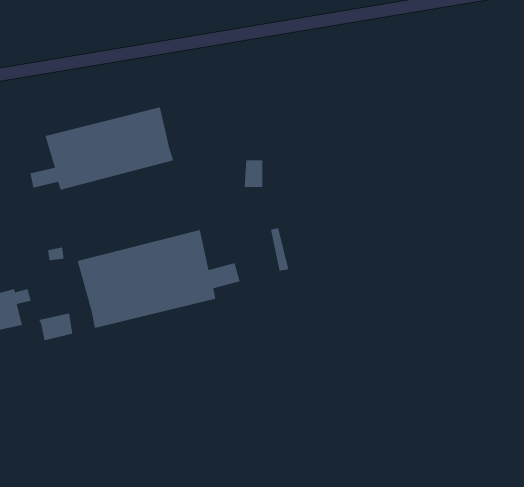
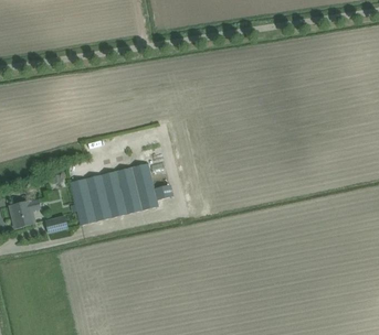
building: [30,106,174,190] -> none

